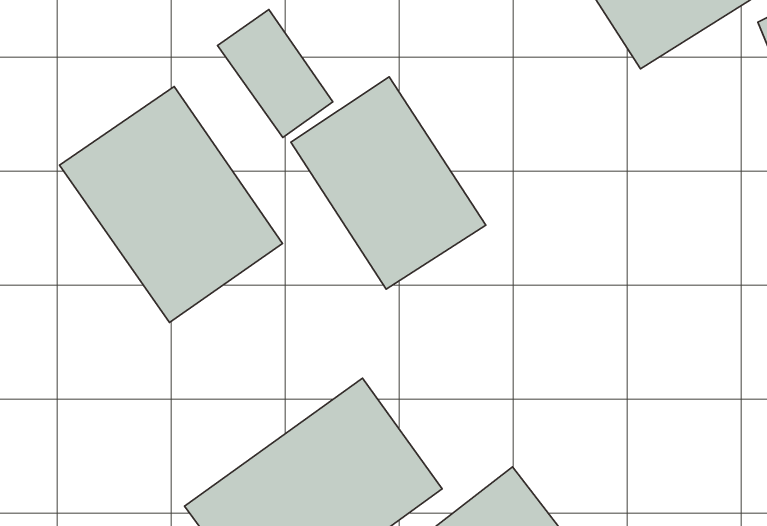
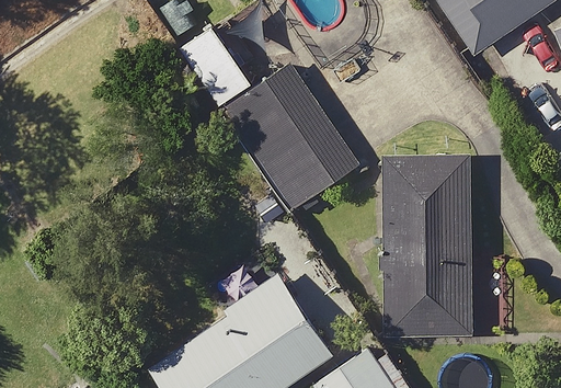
building: [60,86,283,322] -> none
building: none -> [383,155,470,335]

